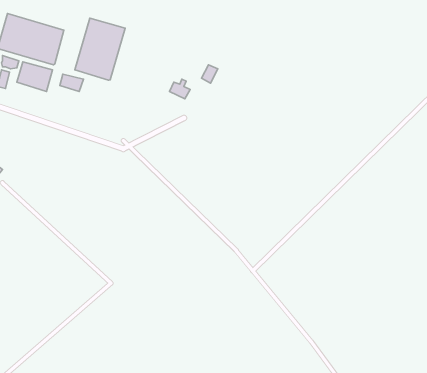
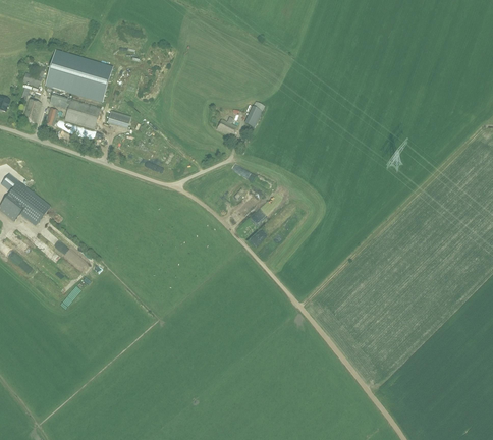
building: [75,18,125,80] -> none

